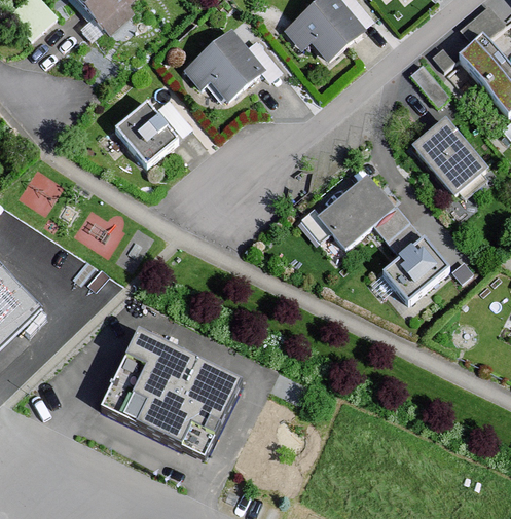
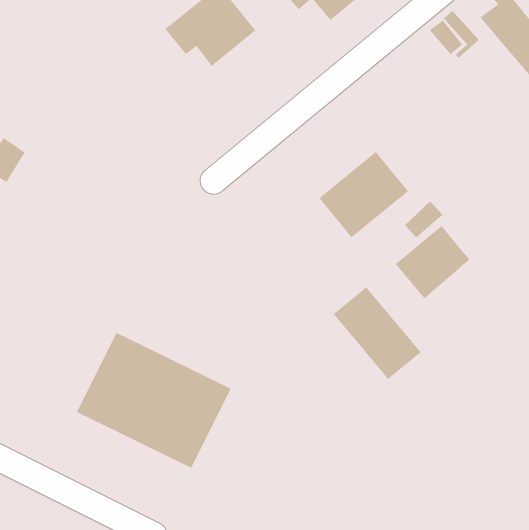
building: [116,101,180,164] -> none
building: [415,118,490,196] -> none
building: none -> [333,286,421,380]

